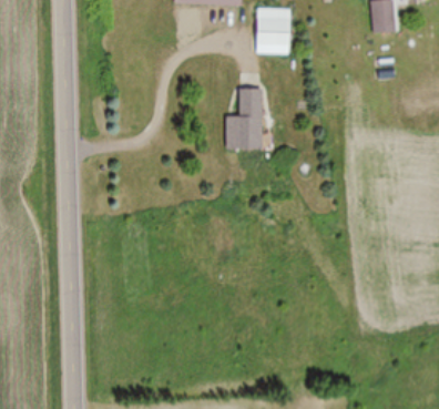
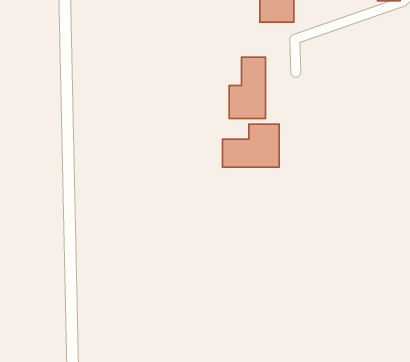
building: none -> [223,124,279,167]

